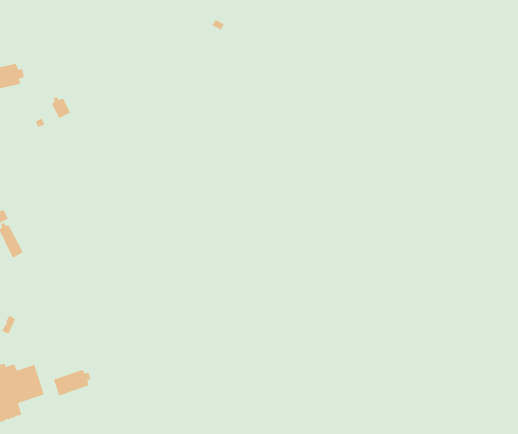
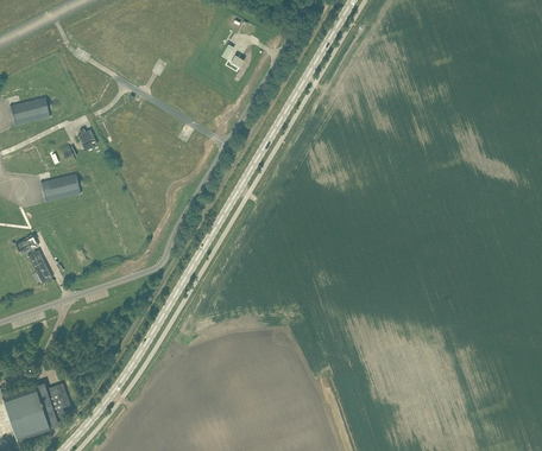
building: none -> [39,173,82,202]
building: [53,369,92,397] -> none

